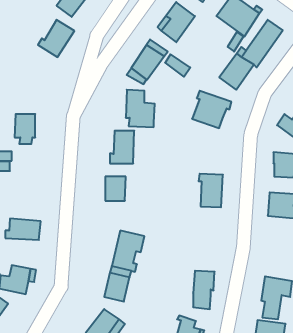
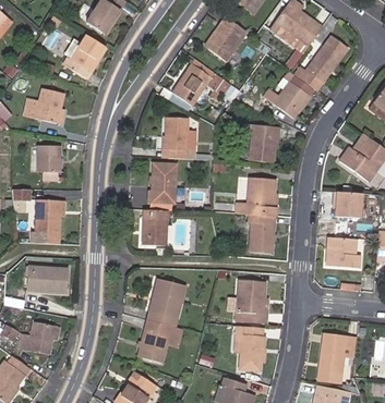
building: none -> [35,88,63,122]
building: none -> [248,180,279,218]
building: none -> [35,199,59,233]
building: none -> [240,284,272,325]

